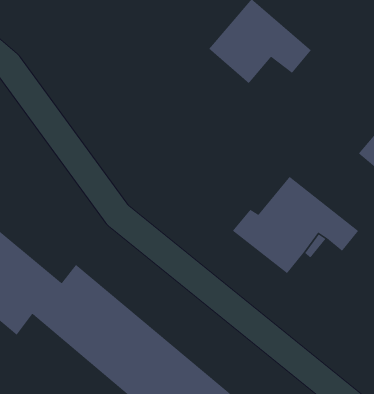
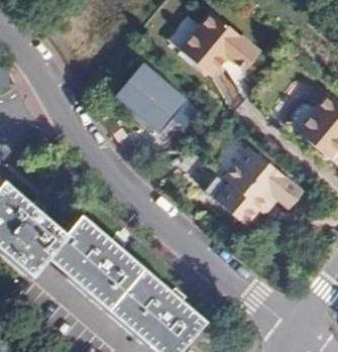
building: none -> [114,63,190,136]

